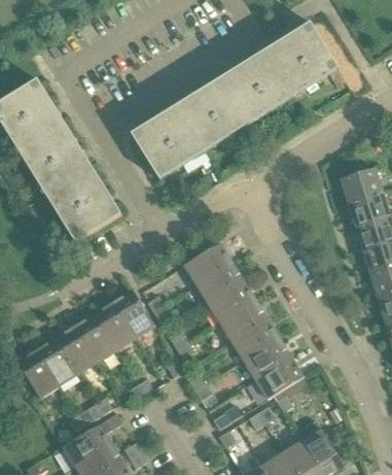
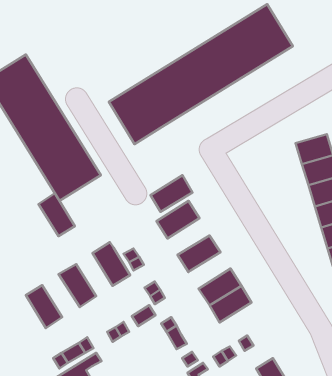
building: [197,262,244,303] -> [150,175,192,212]
building: [220,300,268,341] -> none
building: [94,301,135,349] -> [38,193,75,236]
building: [56,325,98,373] -> none
building: [16,348,60,398] -> none
building: [255,357,304,398] -> none

